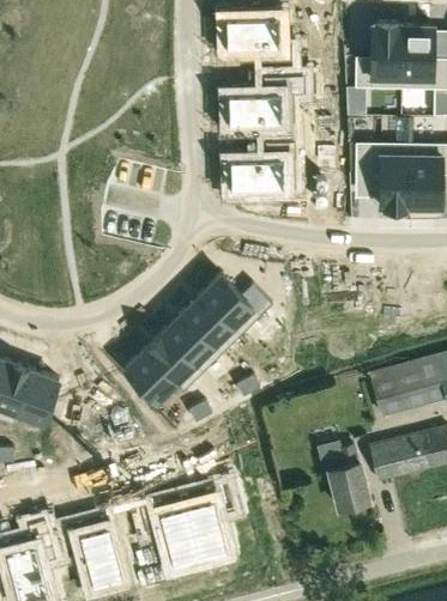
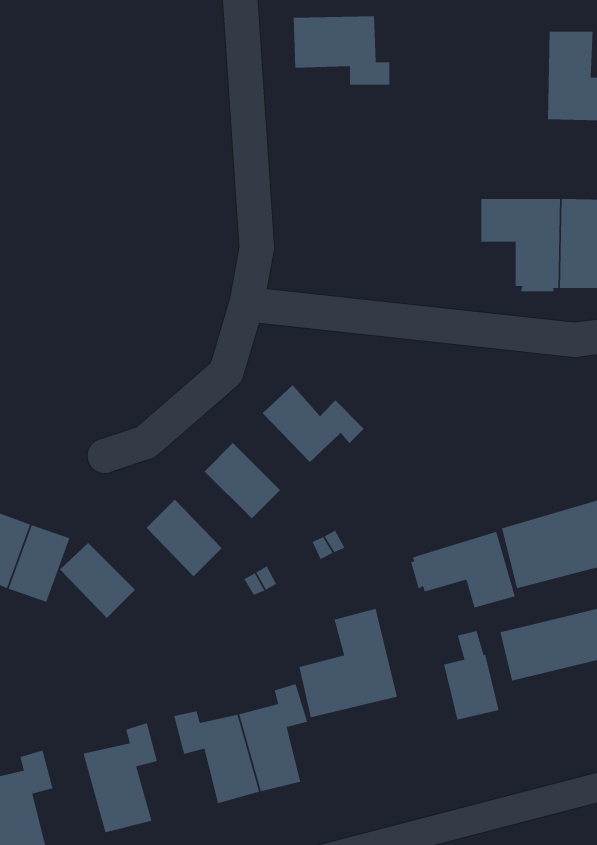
building: [356,23,404,89] -> none
building: [226,75,294,127] -> none
building: [228,141,296,193] -> none
building: [182,295,236,348] -> none
building: [141,335,195,389] -> [59,542,136,619]
building: none -> [410,531,516,609]
building: none -> [299,608,398,718]

